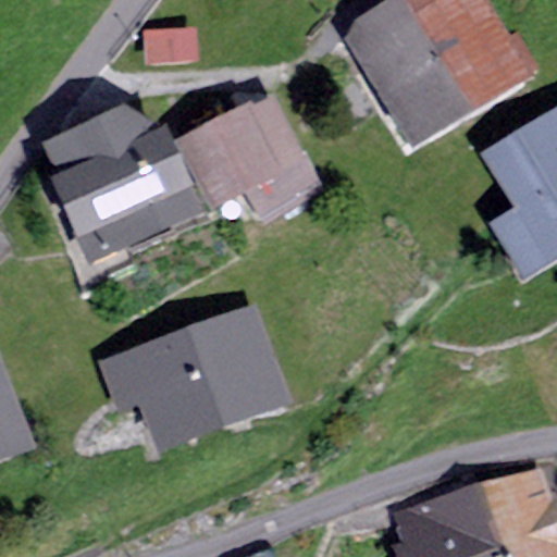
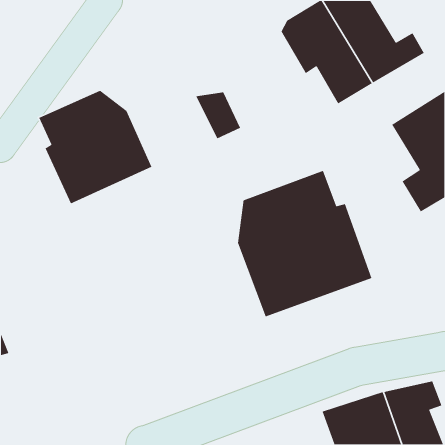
building: [187,120,278,207] -> none
building: none -> [237,170,372,318]
building: [143,325,267,430] -> none

